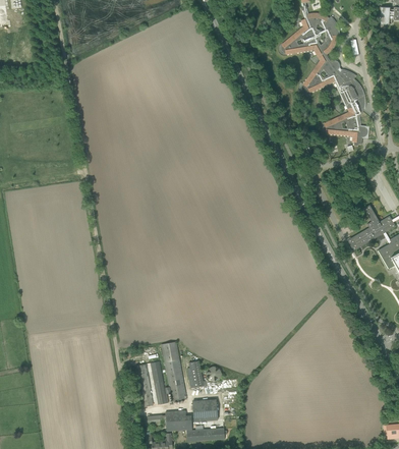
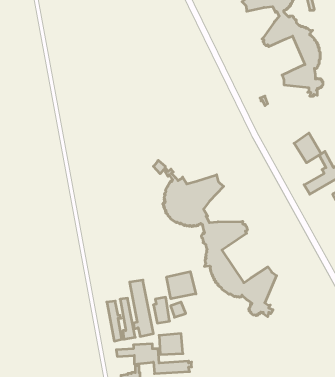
building: none -> [294,133,321,163]
building: none -> [153,160,277,317]
building: none -> [167,272,196,299]

